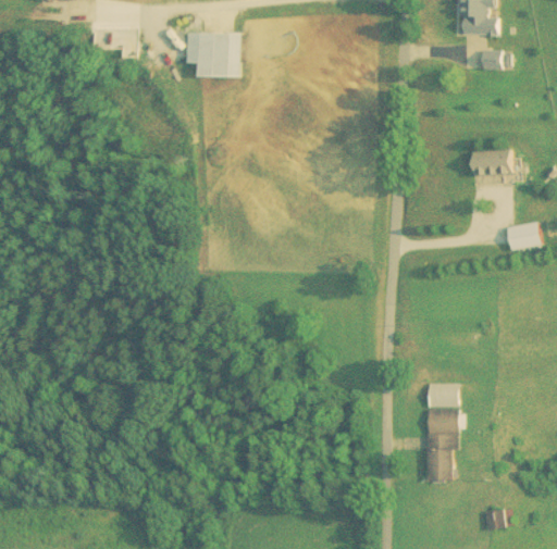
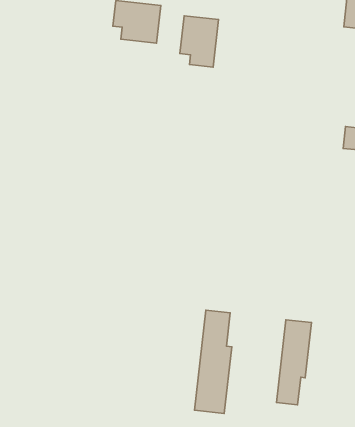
building: none -> [180,16,218,67]
building: none -> [195,310,232,413]

